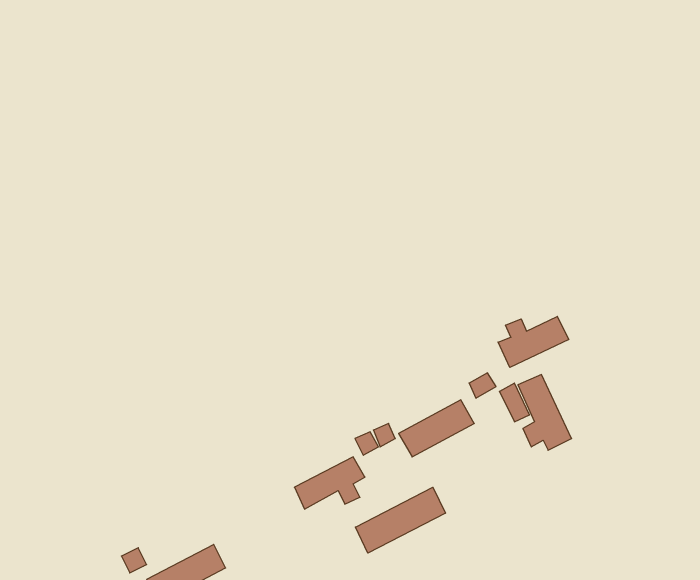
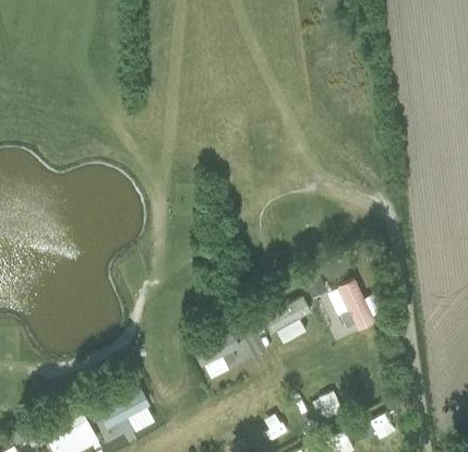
building: [498,316,569,367] -> none
building: [355,487,445,553] -> none

